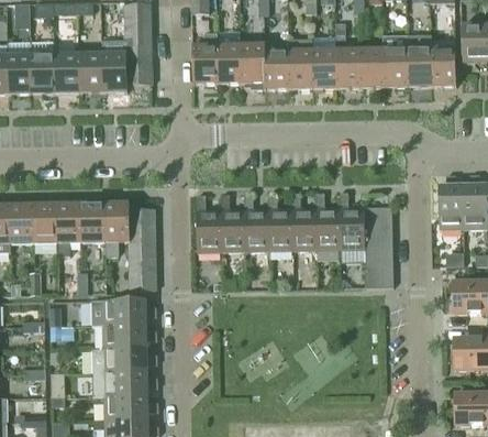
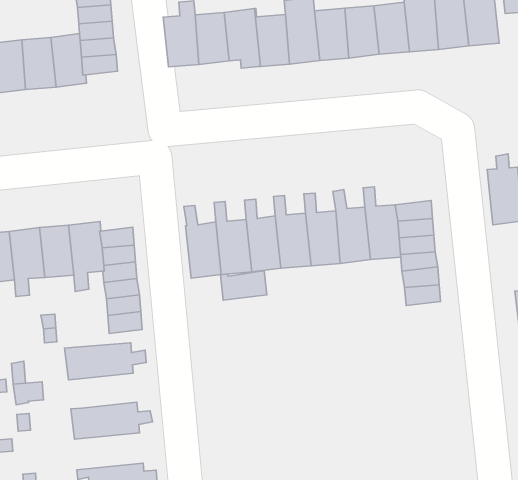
building: none -> [221,271,267,300]
building: [102,324,156,348] -> none
building: [95,371,157,396] -> none

